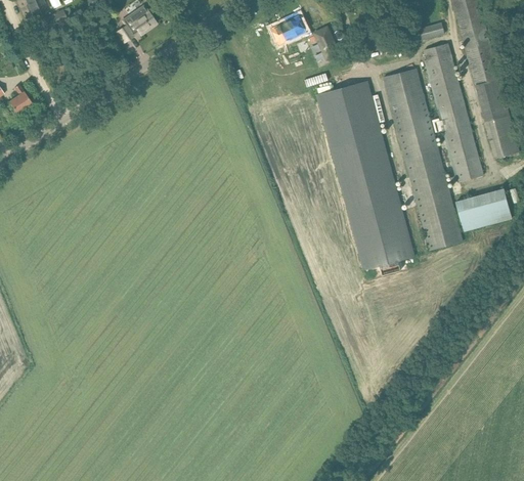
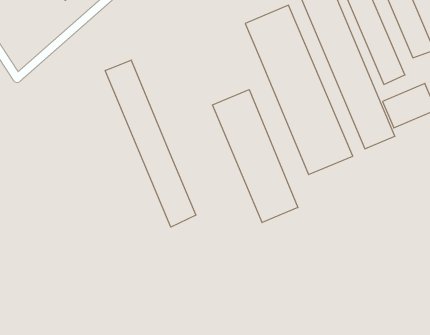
building: none -> [105,60,196,227]
building: none -> [213,90,298,223]

